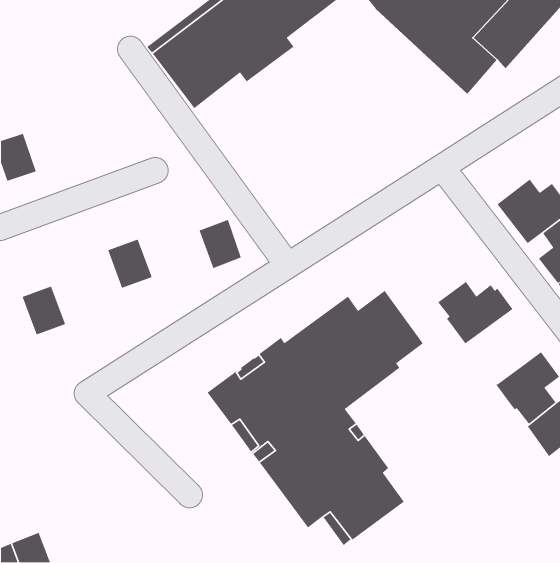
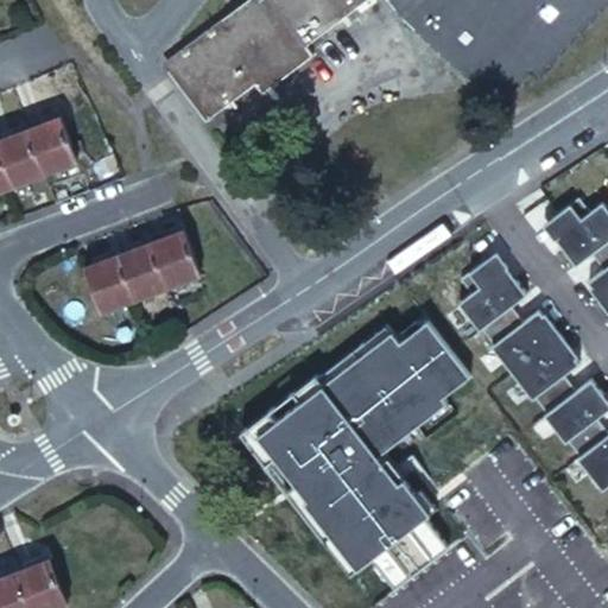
building: none -> [36,131,81,183]
building: [198,219,242,269] -> [158,242,204,296]
building: none -> [452,245,522,324]
building: [22,285,66,336] -> [93,266,140,319]
building: none -> [506,329,575,408]

